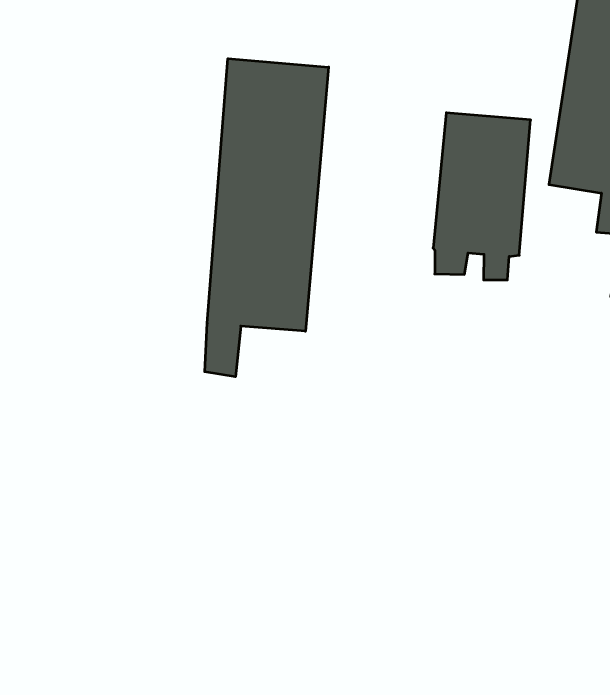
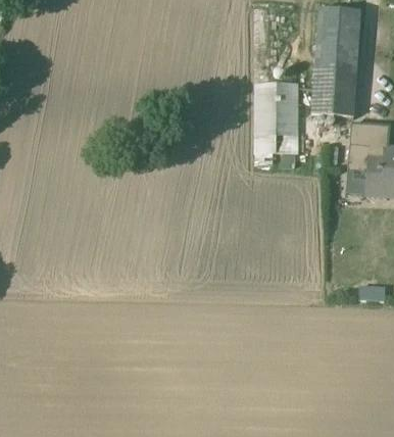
building: [205,59,329,377] -> none

